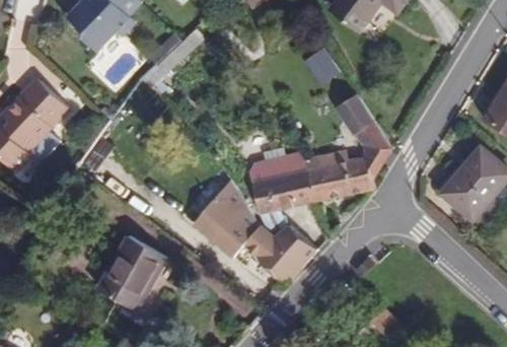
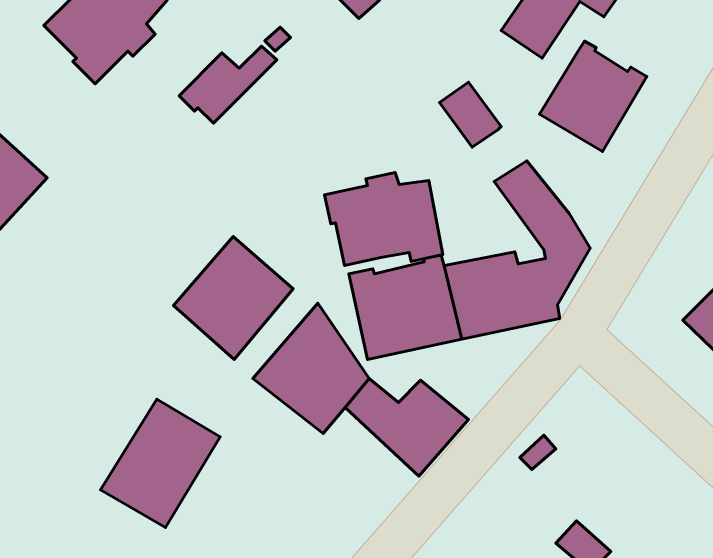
building: none -> [539,41,647,151]
building: none -> [325,173,443,265]
building: none -> [174,237,293,360]

